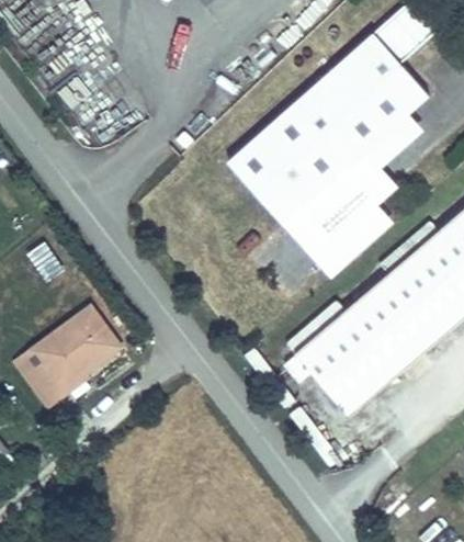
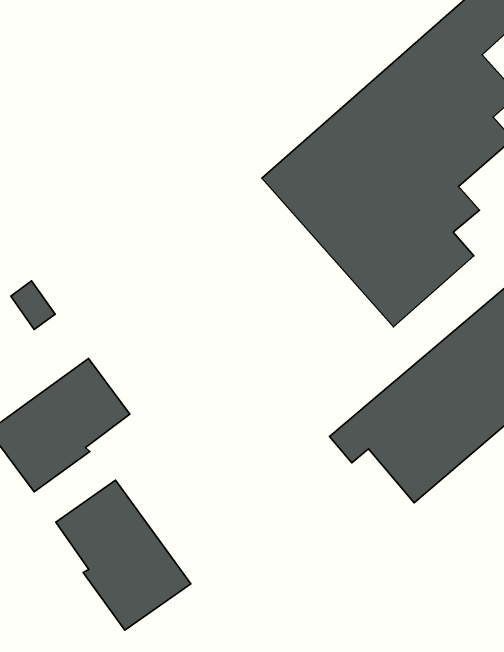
building: none -> [56,480,191,630]

